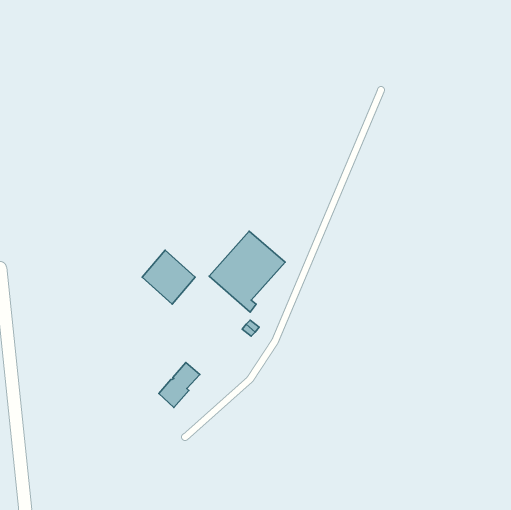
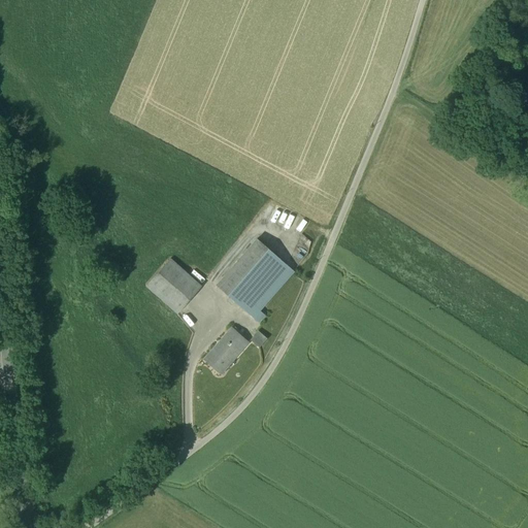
building: [159,362,200,407] -> [204,327,246,373]

